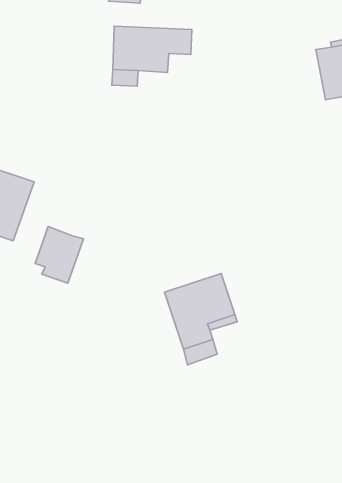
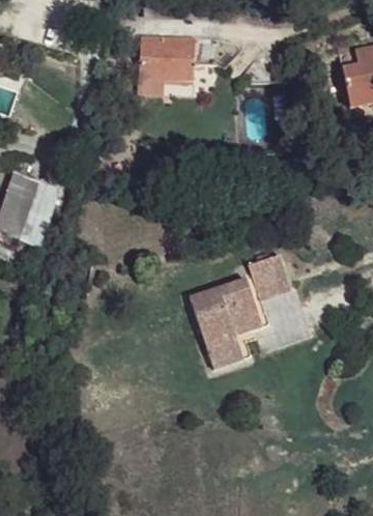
building: [35,226,84,283] -> none
building: none -> [248,254,291,298]

